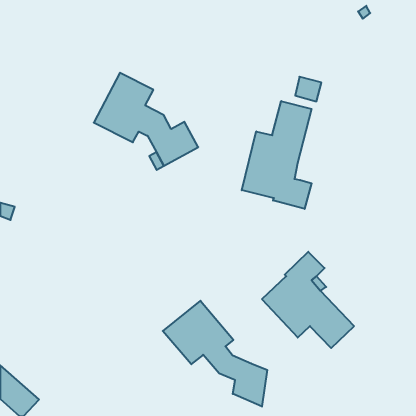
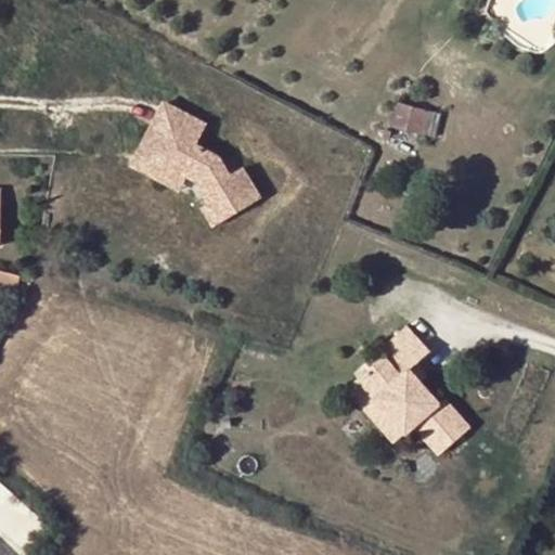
building: [242,101,312,209] -> none
building: [163,301,267,407] -> none

